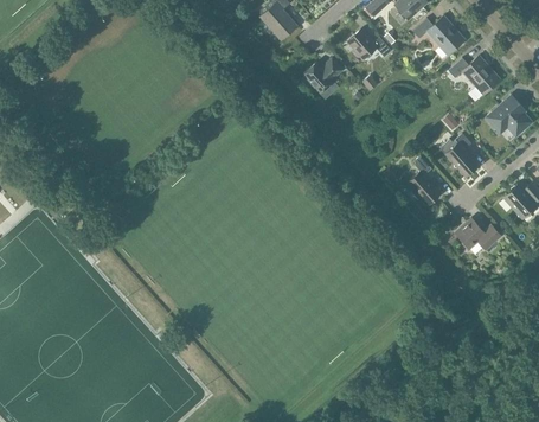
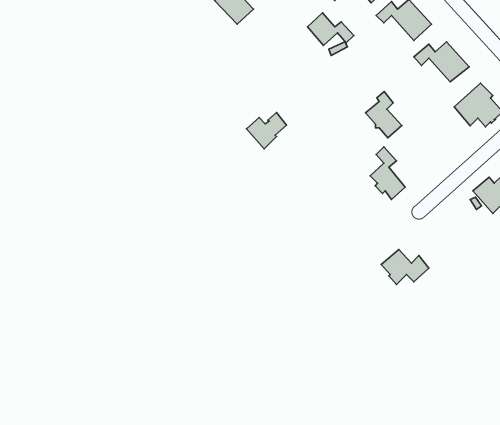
building: [303,58,341,92] -> [246,113,287,149]
building: [444,133,479,177] -> [365,92,402,138]
building: [455,218,500,251] -> [381,249,429,284]

